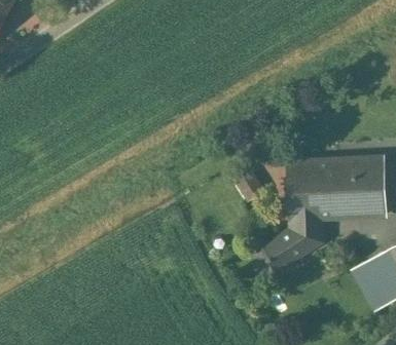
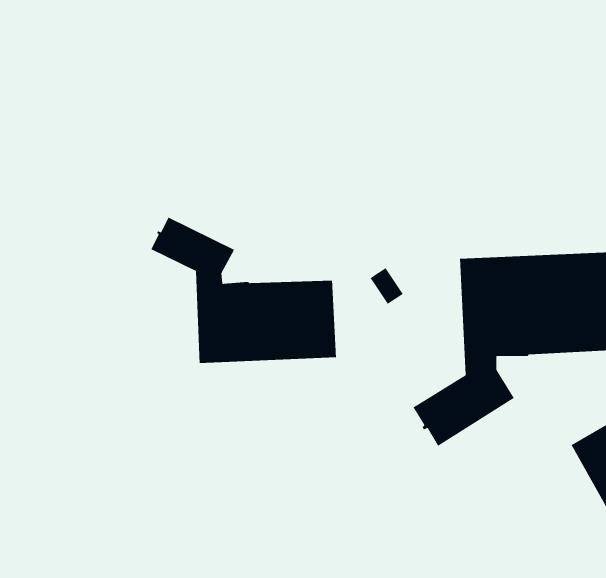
building: none -> [150,217,337,364]

